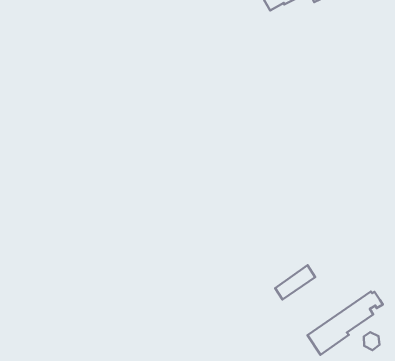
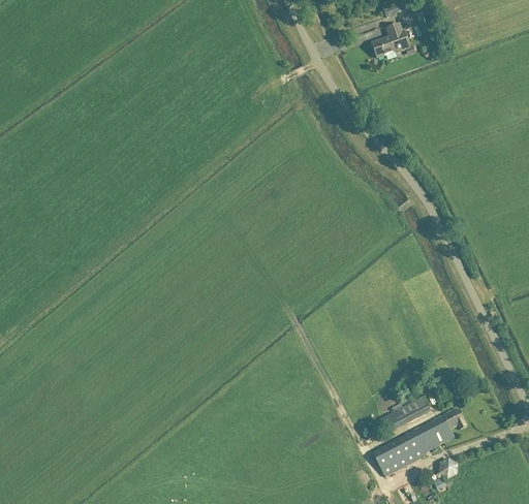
building: [275,265,315,299] -> [380,395,430,432]

